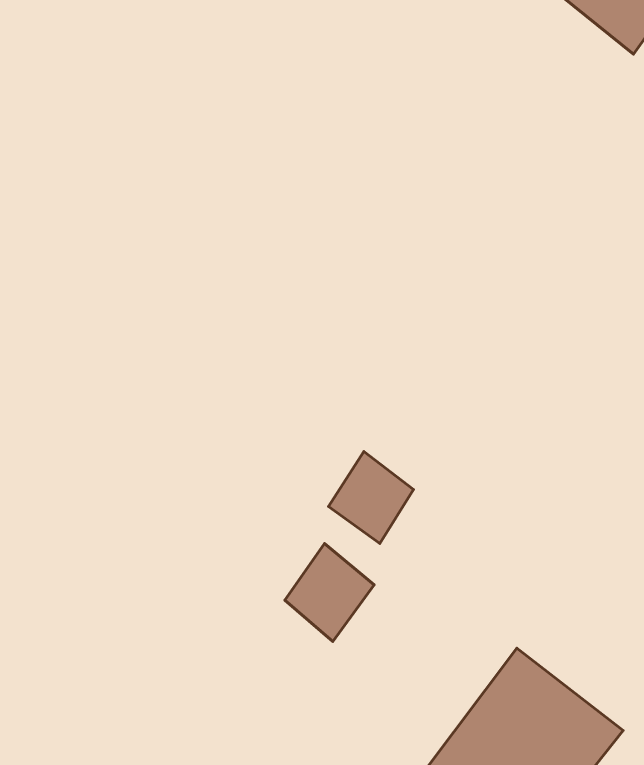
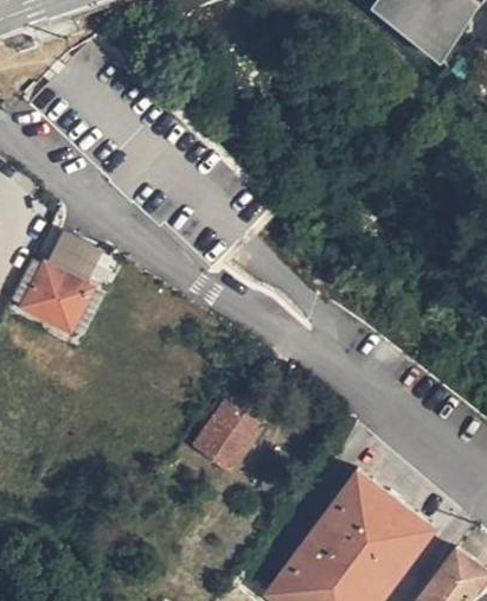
building: none -> [25,238,101,332]
building: [328,451,414,544] -> none

